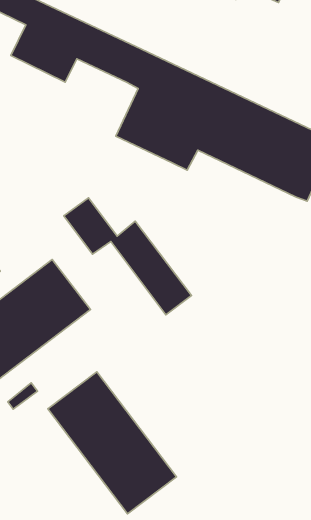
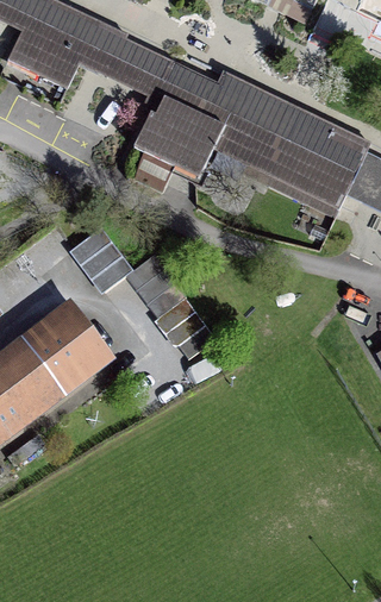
building: [48,372,176,514] -> none

